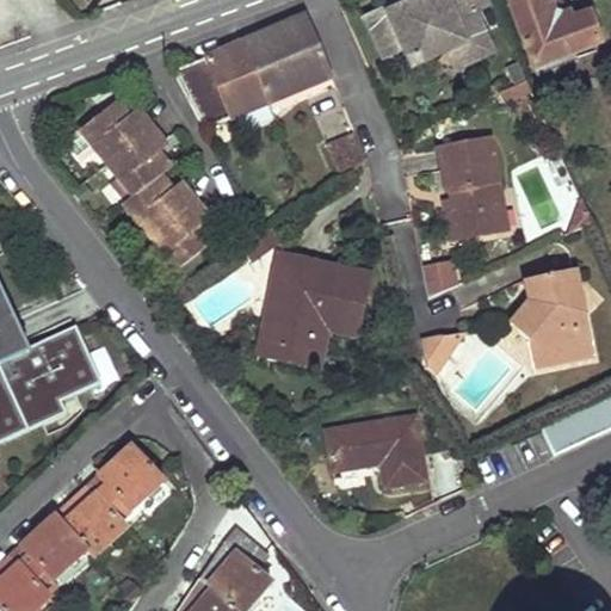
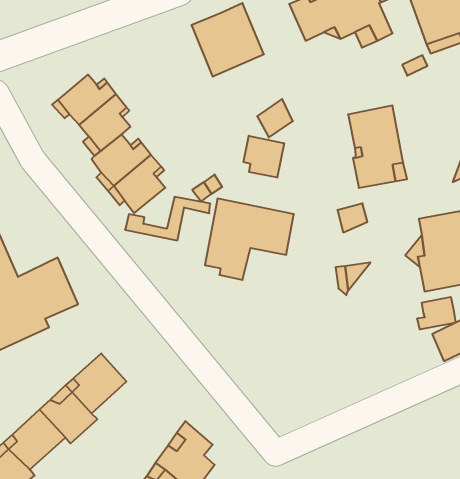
building: [174,38,270,126] -> none
building: none -> [243,136,284,178]
building: [255,313,360,366] -> [125,197,210,240]
building: none -> [417,297,456,330]
building: [327,413,427,485] -> none

